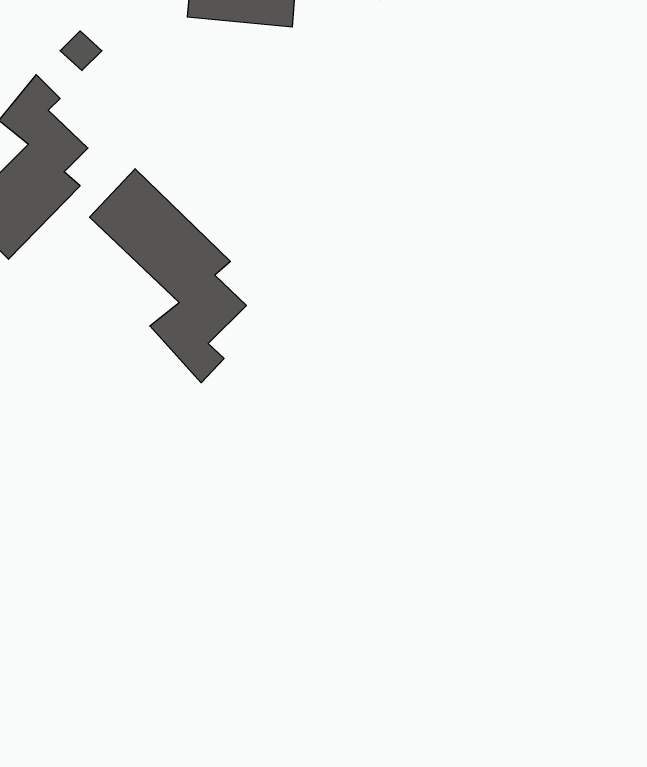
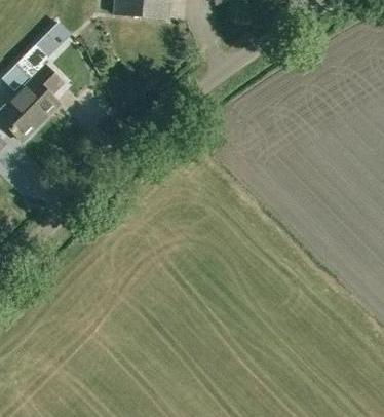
building: [90,169,246,383] -> none

